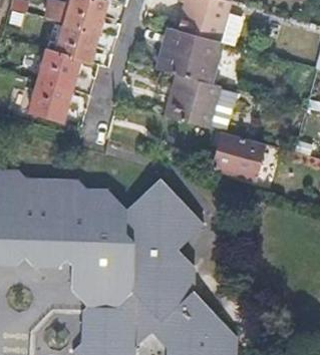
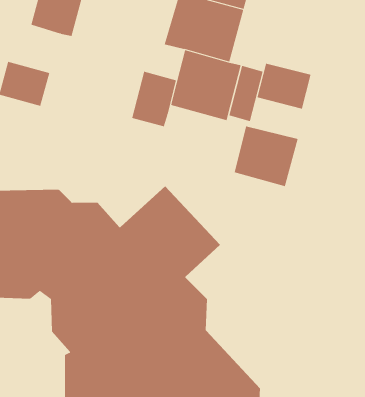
building: [38,51,79,90] -> none
building: none -> [257,63,311,110]
building: none -> [131,71,177,127]

